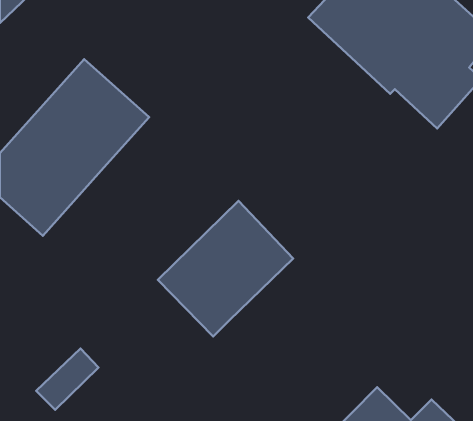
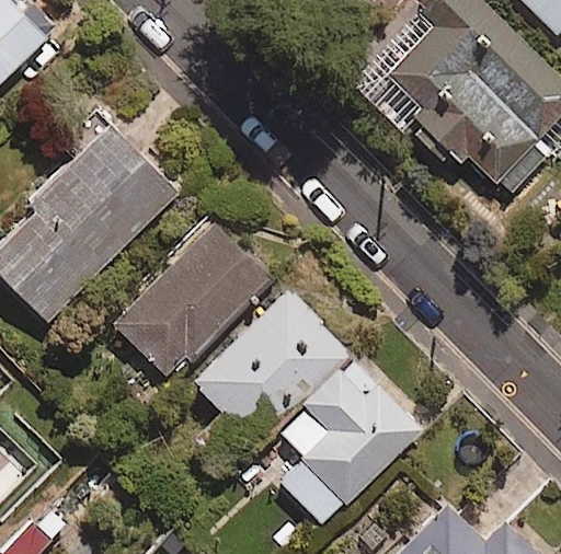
building: none -> [111,220,273,380]
building: none -> [278,358,422,526]

